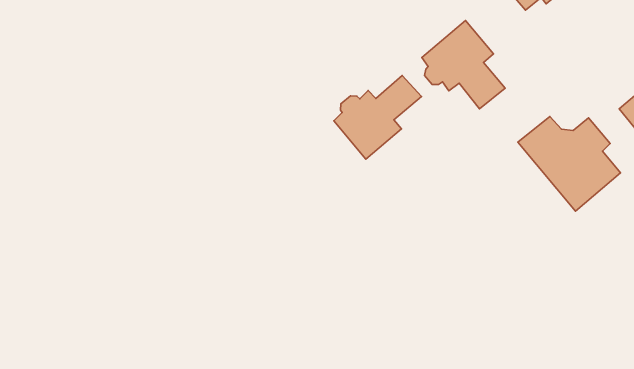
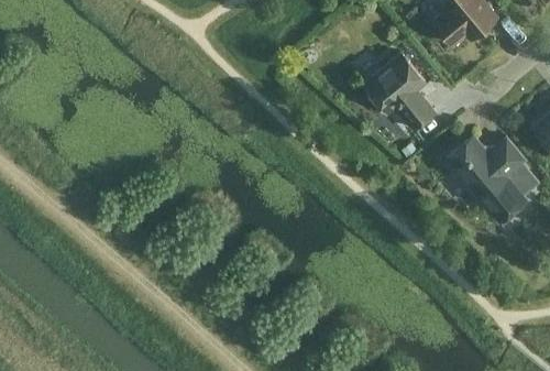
building: [334,75,421,159] -> none

